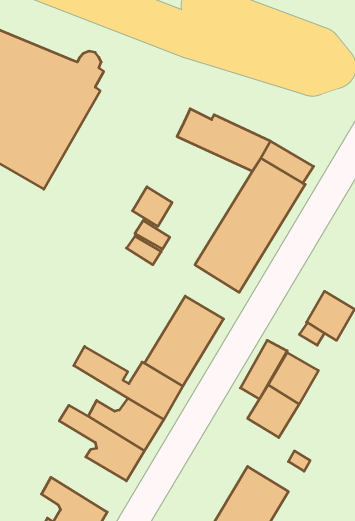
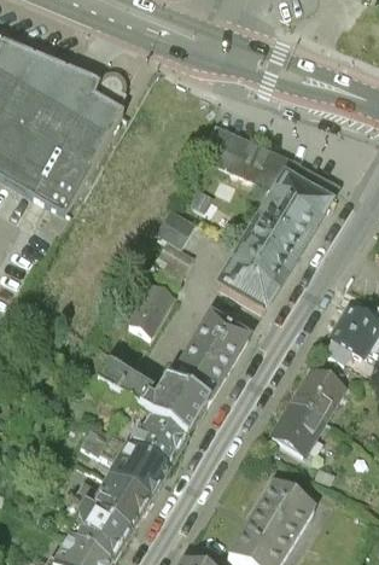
building: none -> [128,280,174,332]
building: [240,340,287,399] -> none
building: none -> [72,476,148,531]

